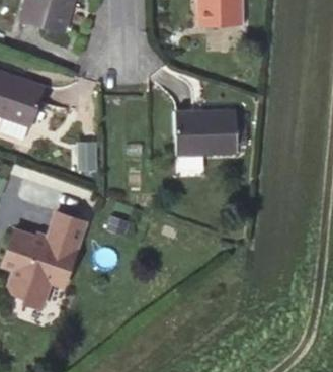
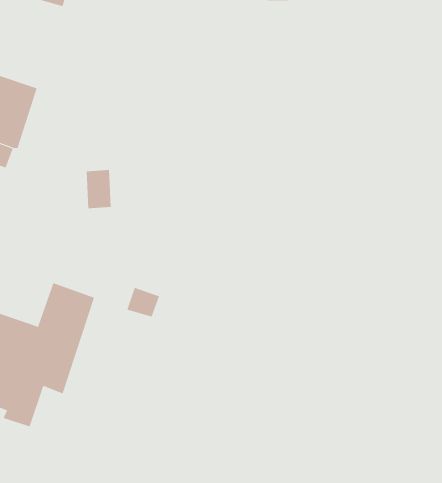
building: [176,109,237,155] -> none

